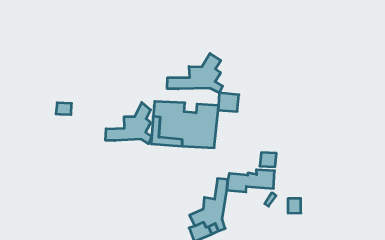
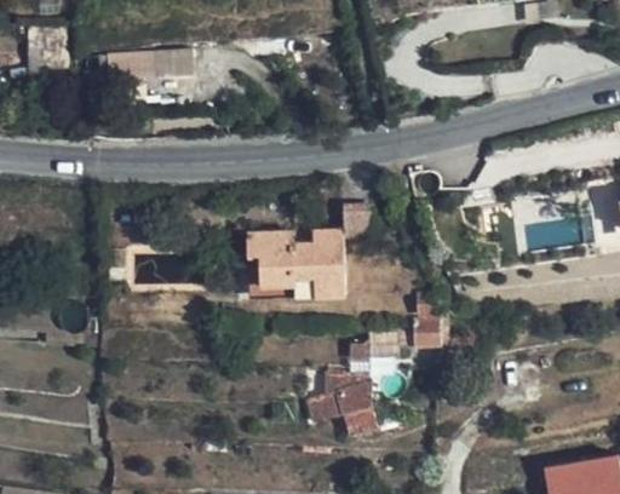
building: [167,53,223,93] -> none
building: [106,102,152,144] -> none

